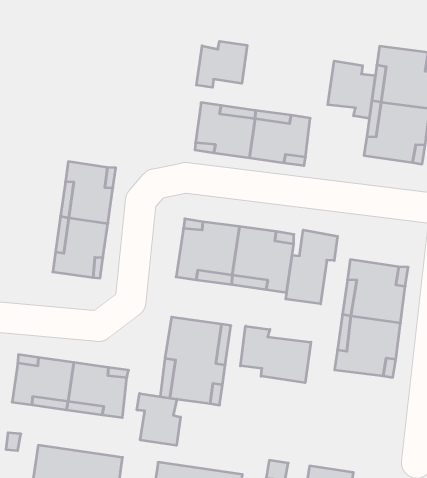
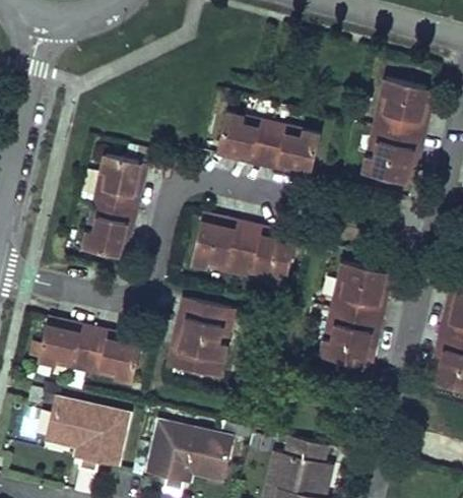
building: [196,41,247,87] -> none
building: [328,61,375,118] -> none
building: [286,230,338,304] -> none
building: [240,326,311,383] -> none
building: [137,393,181,445] -> none

